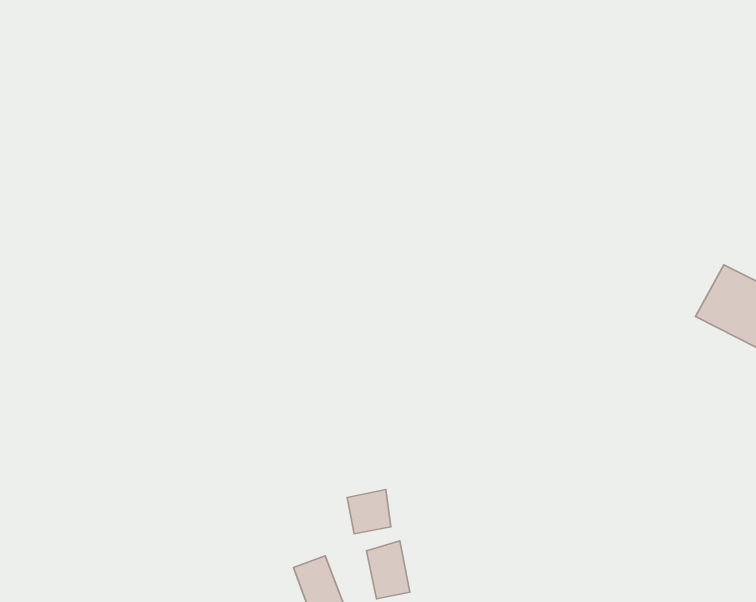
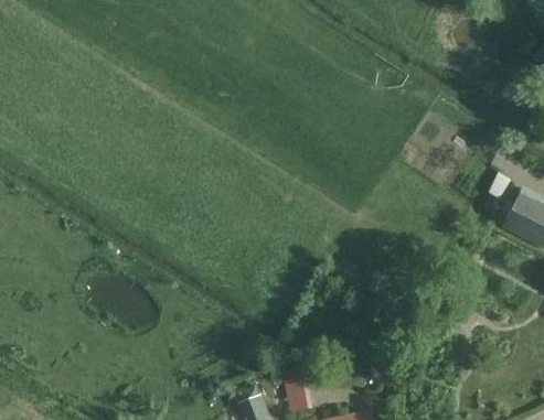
building: [347,489,391,534] -> none

